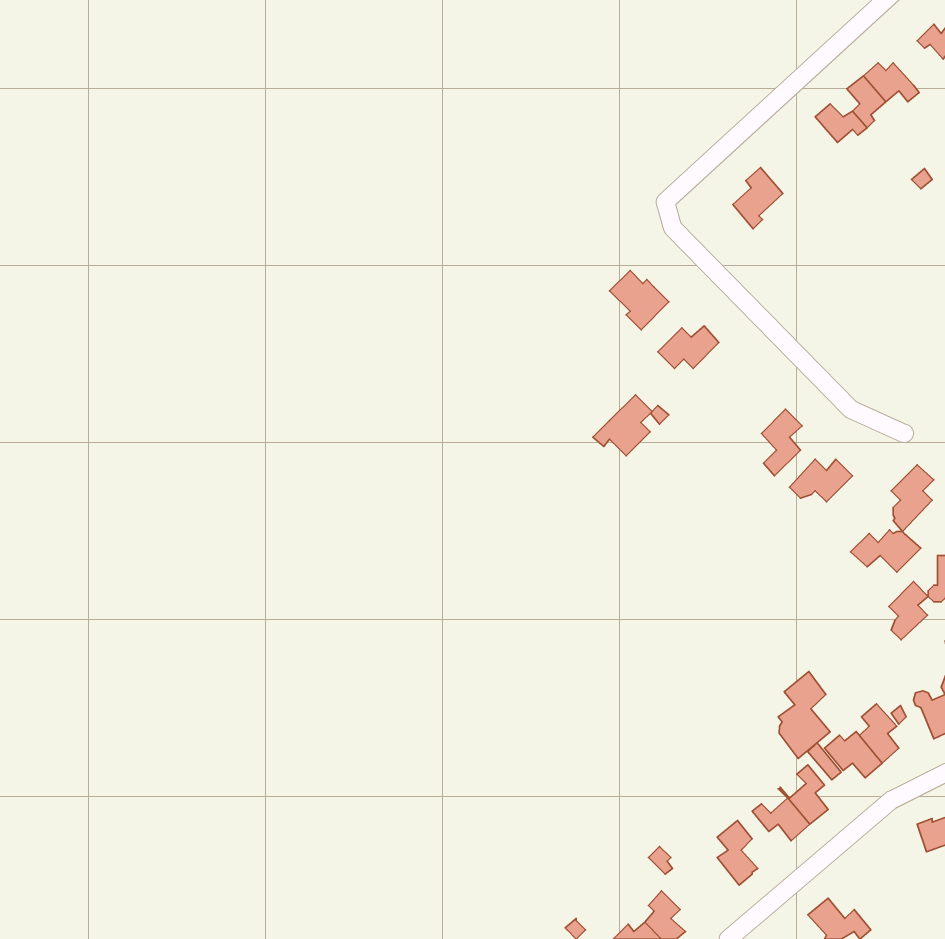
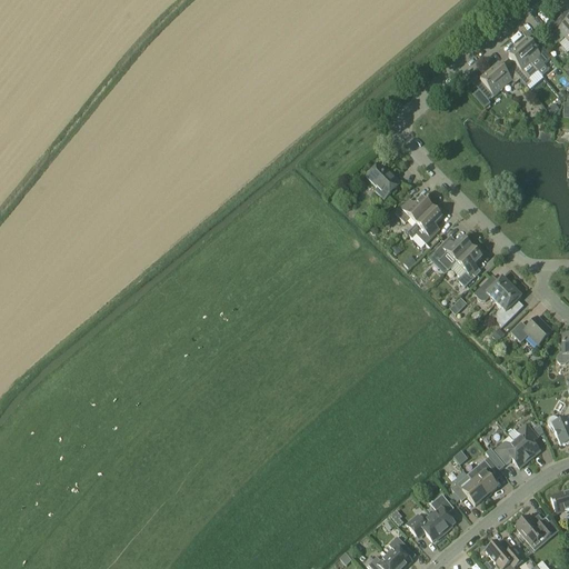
building: [733,168,783,229] -> [473,70,503,107]
building: none -> [435,236,472,261]
building: [593,395,652,456] -> [407,206,442,242]
building: [891,465,934,532] -> [497,286,522,326]
building: [889,582,928,640] -> none
building: [778,672,830,758] -> none
building: none -> [516,512,553,543]
building: none -> [407,513,445,540]

